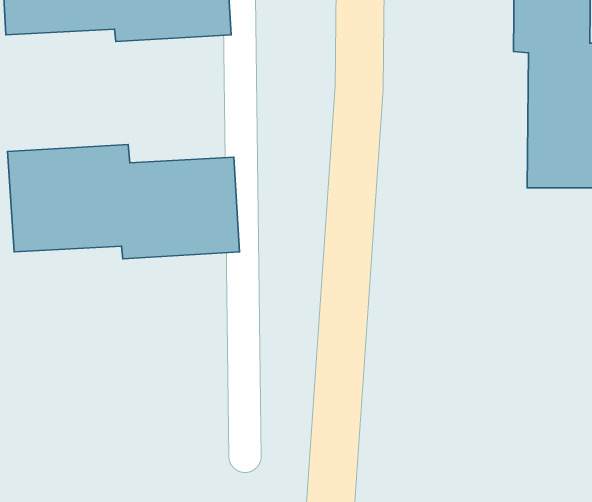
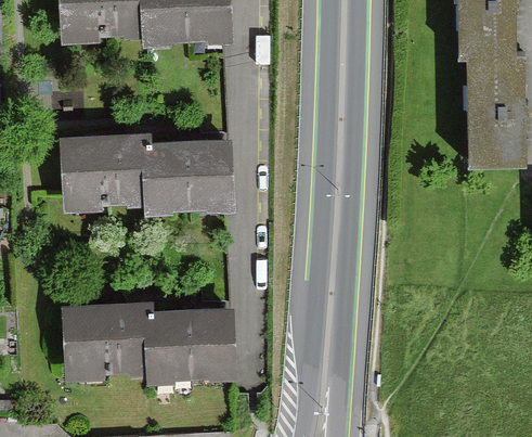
building: none -> [60,296,239,386]

